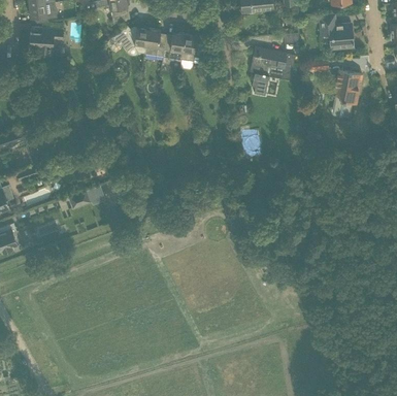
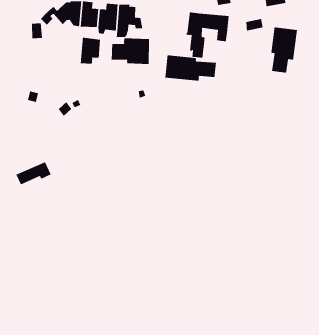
building: none -> [80,37,101,64]
building: none -> [111,38,150,65]
building: none -> [165,54,216,82]

